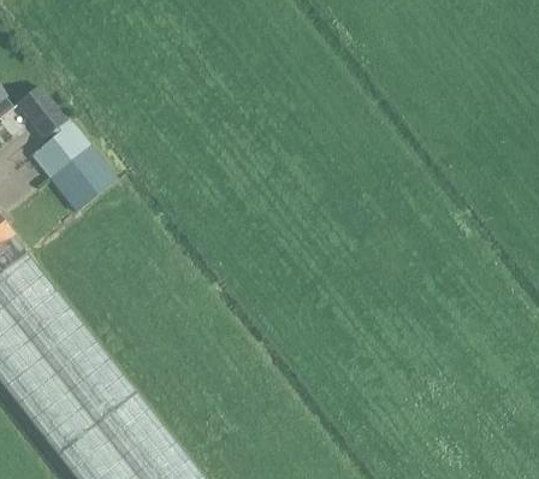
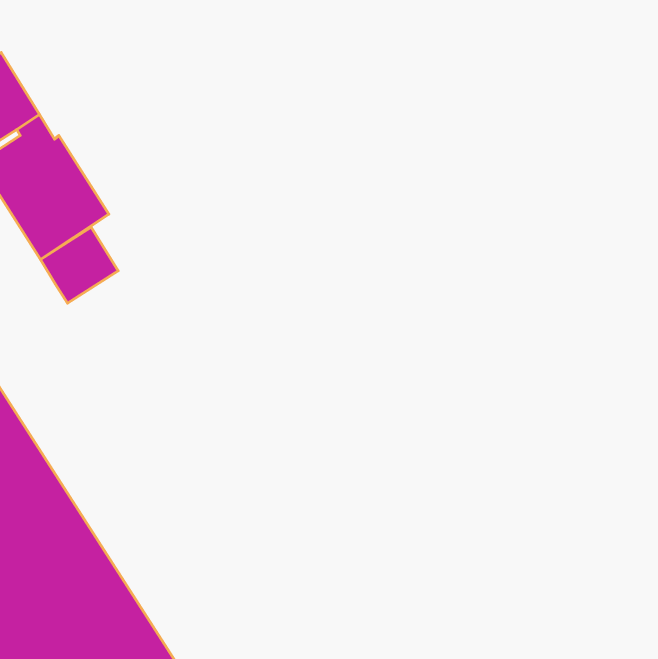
building: none -> [41,227,118,303]

